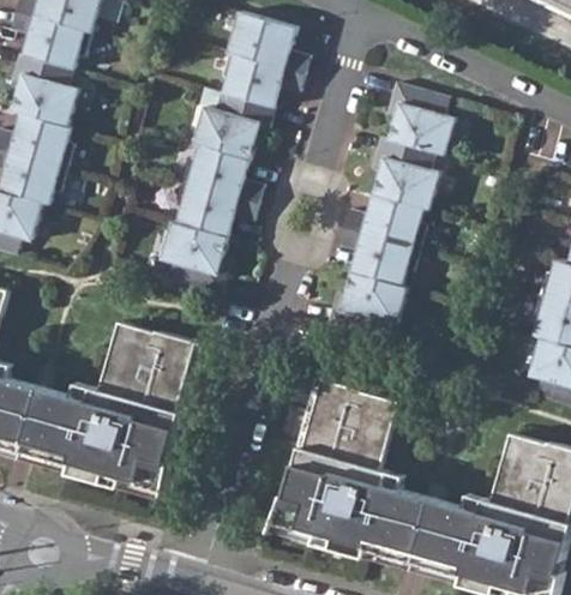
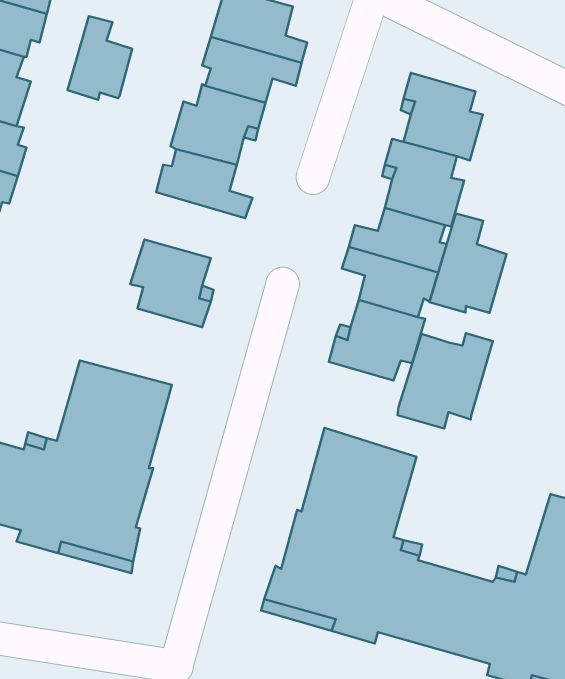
building: none -> [68,16,132,100]
building: [175,180,257,235] -> none
building: none -> [429,214,507,313]
building: none -> [397,333,493,429]

